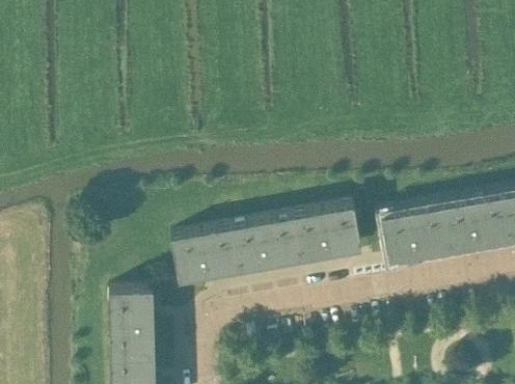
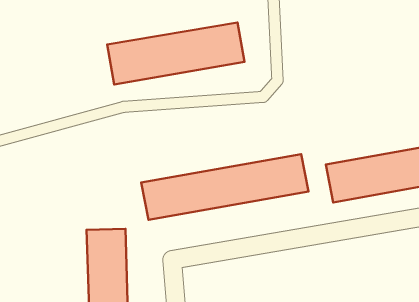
building: none -> [107,22,244,85]

